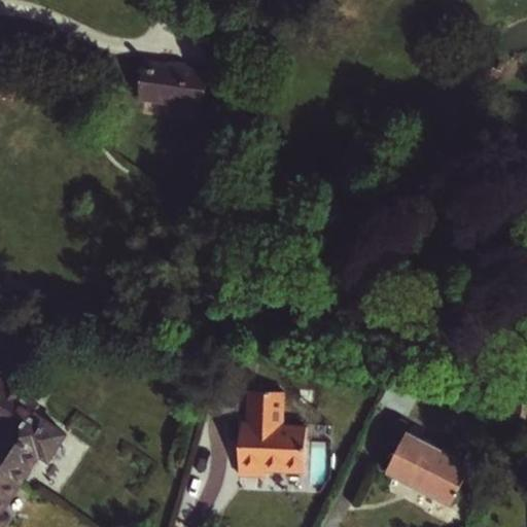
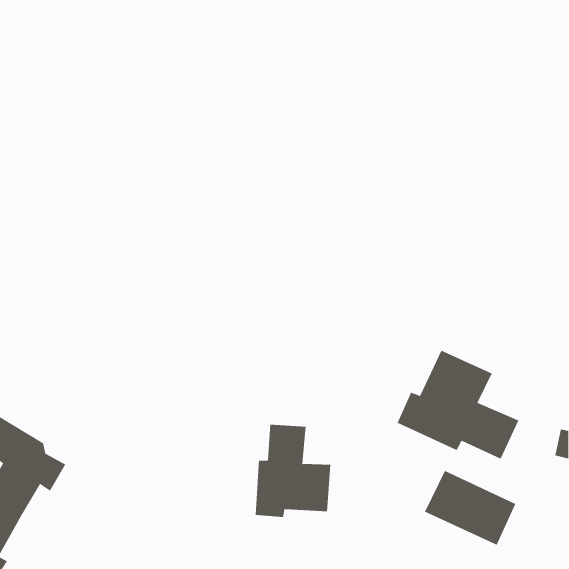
building: [137,68,207,112] -> none
building: none -> [397,350,519,460]

